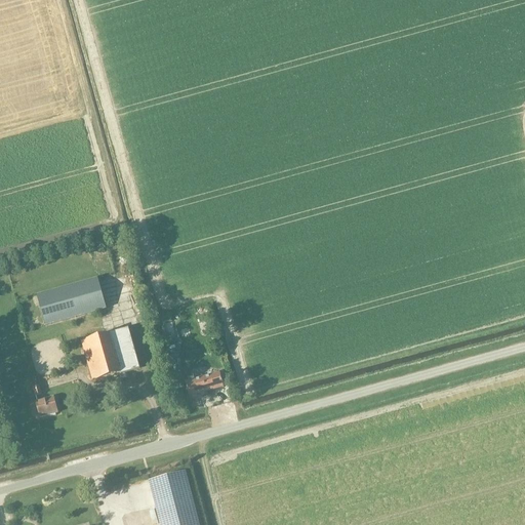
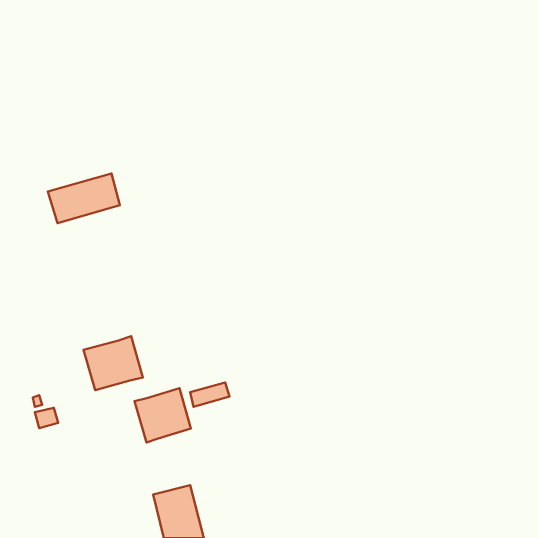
building: [35,276,105,324] -> [48,173,120,223]
building: none -> [134,388,191,442]

